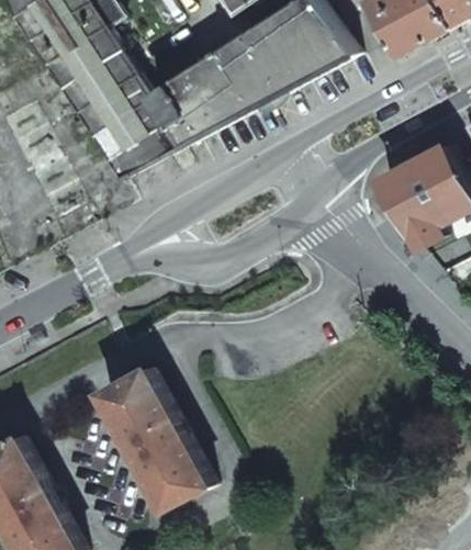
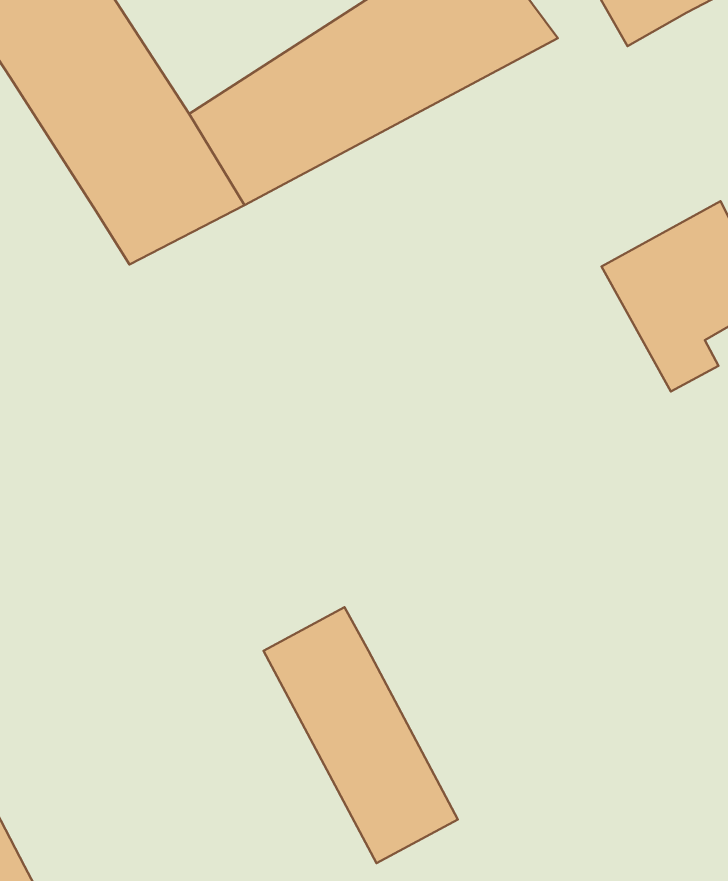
building: [100,366,208,507] -> [263,607,458,863]

